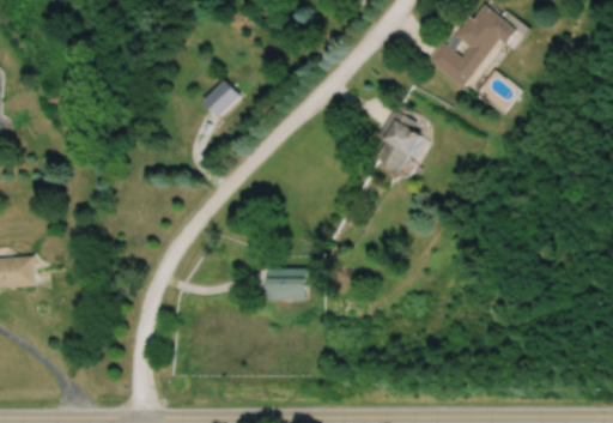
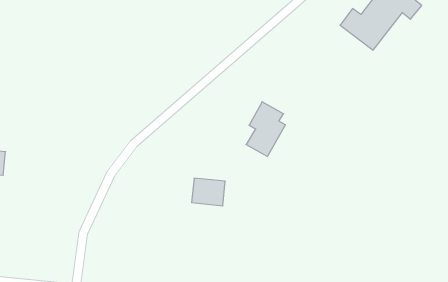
building: [200,79,238,116] -> none
building: [376,109,421,175] -> [246,102,285,156]

